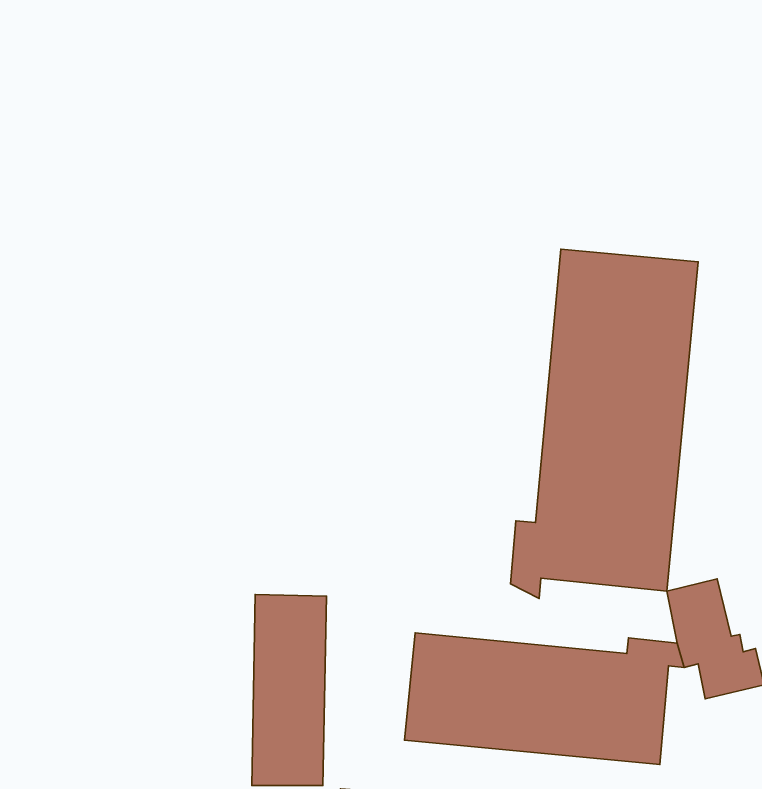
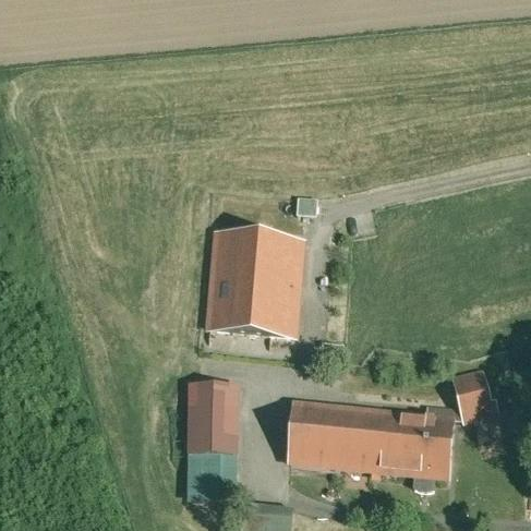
building: [510,249,698,598] -> none
building: none -> [205,225,306,333]

